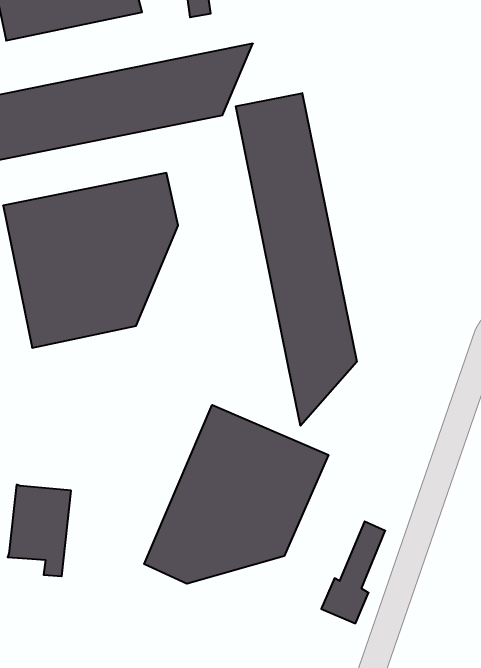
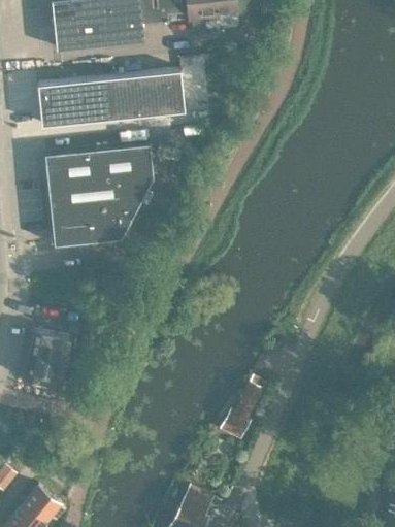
building: [236,93,357,426] -> none
building: [144,405,328,584] -> none

